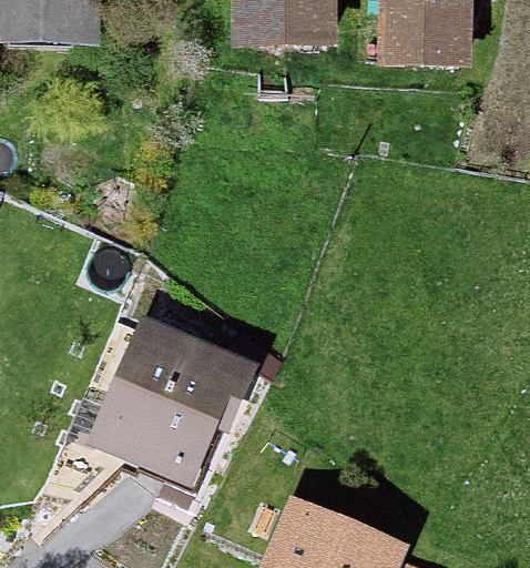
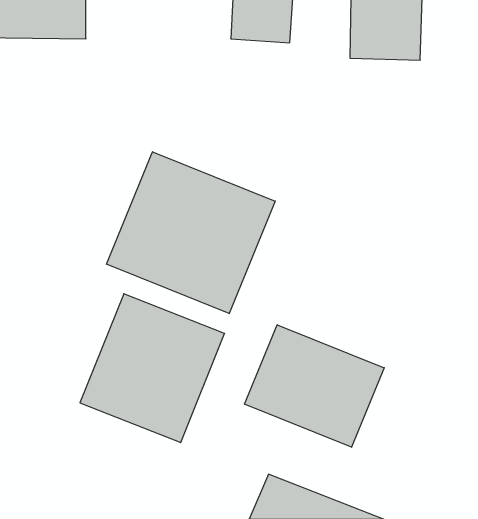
building: none -> [107,152,275,314]
building: none -> [245,325,384,447]

